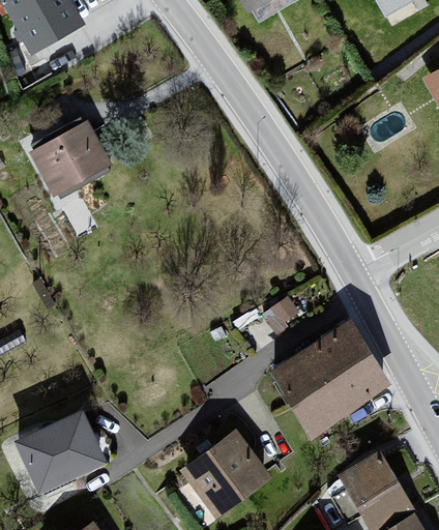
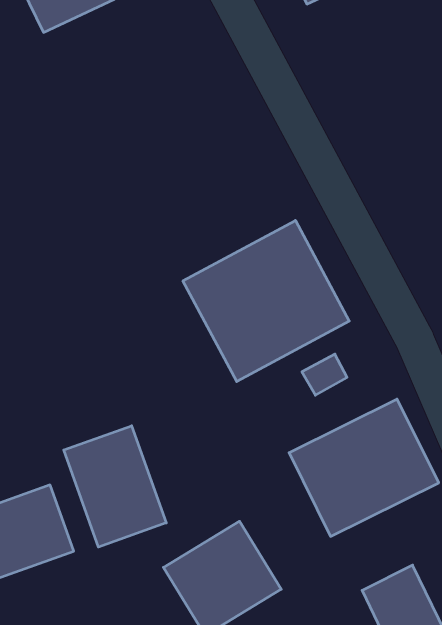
building: [37,123,114,193] -> none
building: none -> [183,220,349,382]
building: none -> [64,426,166,547]

